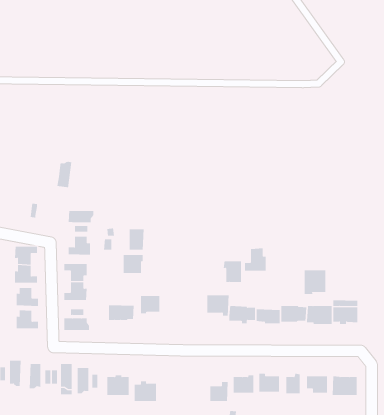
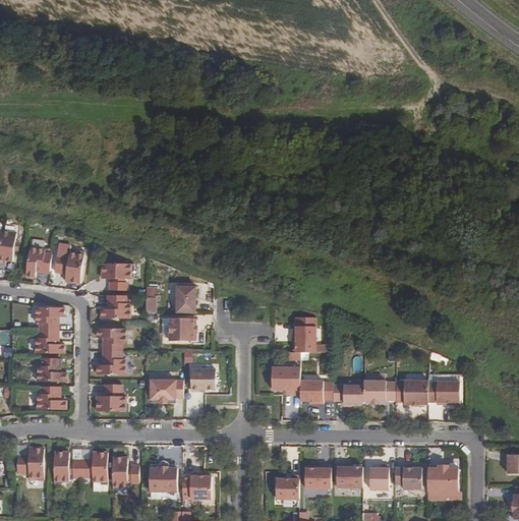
building: [57,161,72,188] -> [64,250,83,283]
building: none -> [25,247,51,277]
building: [244,248,266,271] -> none
building: [304,269,326,295] -> none

